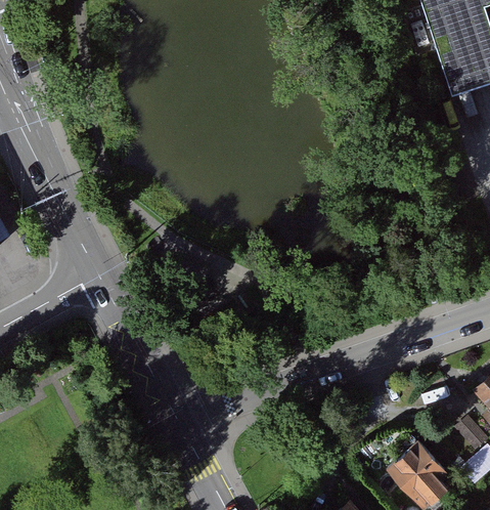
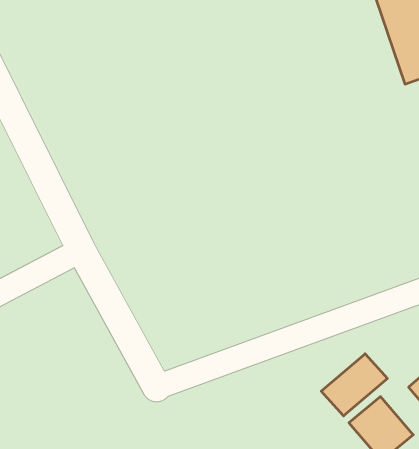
building: none -> [321,354,387,416]

